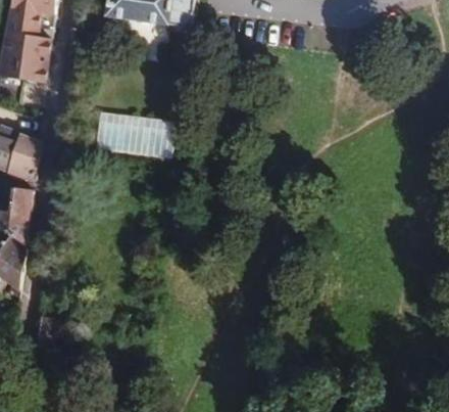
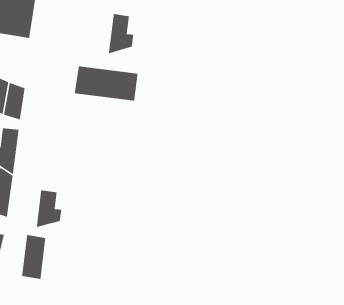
building: none -> [108,13,134,54]
building: none -> [36,189,62,228]

